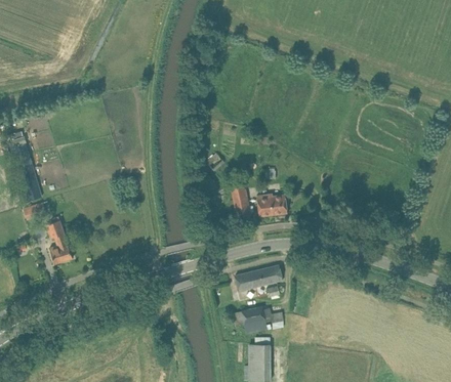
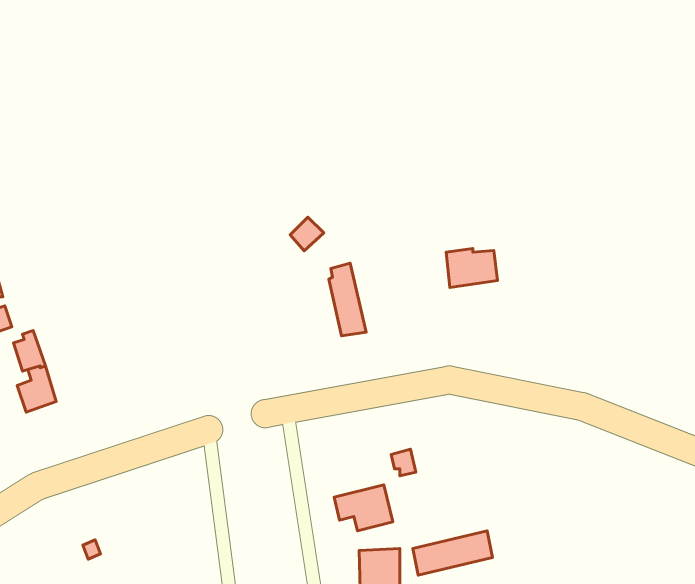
building: [257,195,287,217] -> [446,249,498,288]
building: [236,266,282,292] -> [413,531,493,575]

